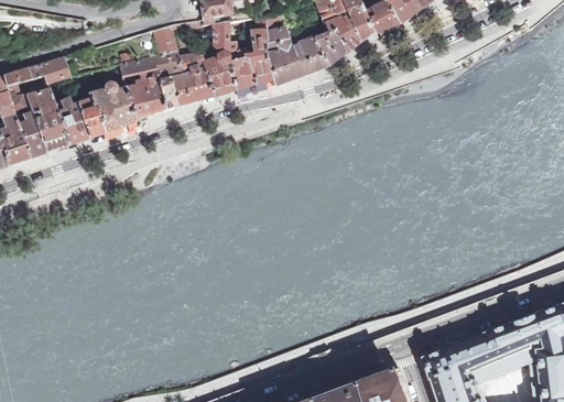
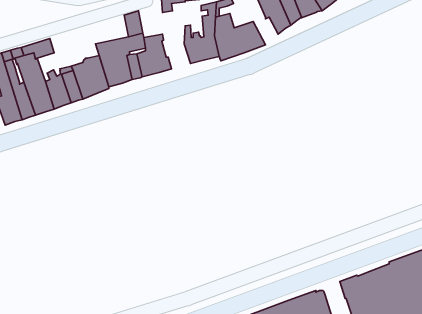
building: [199,21,237,96] -> none
building: [314,32,345,66] -> none

